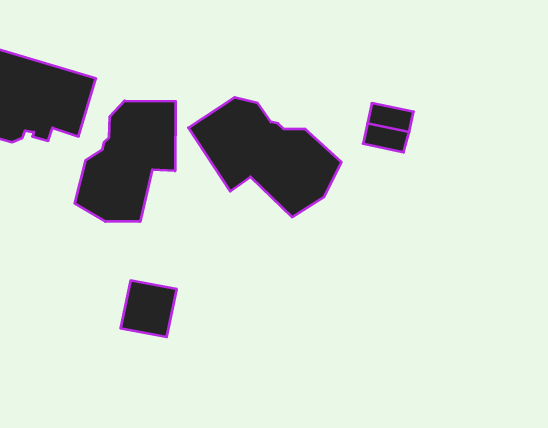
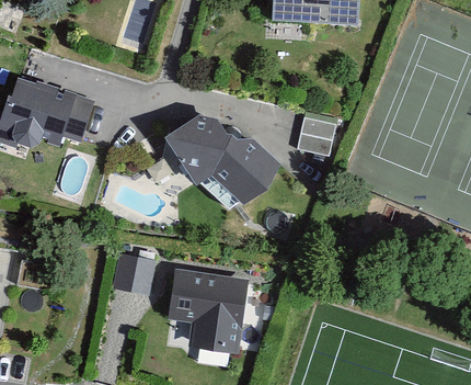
building: [75,101,176,222] -> none
building: none -> [169,273,249,358]

